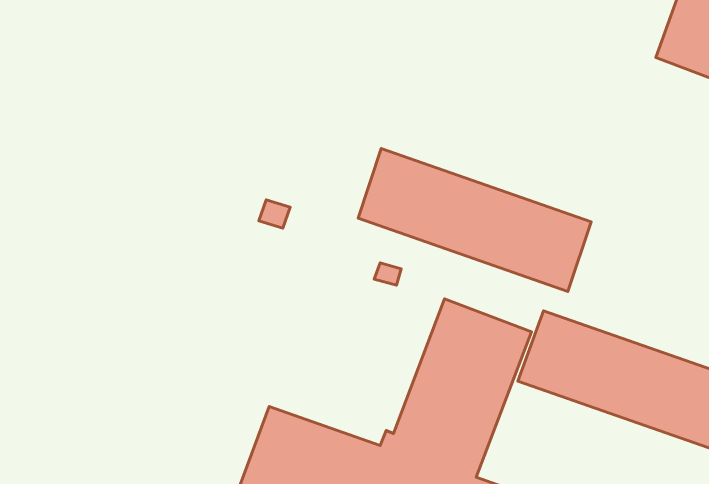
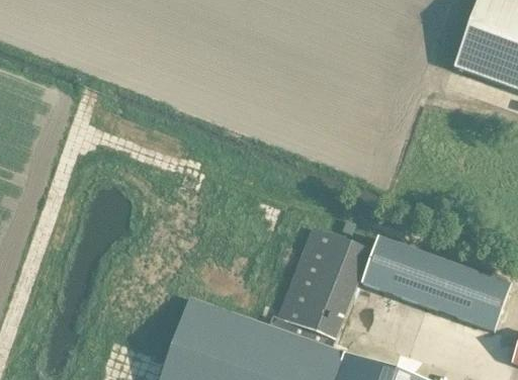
building: [358,149,591,291] -> none

